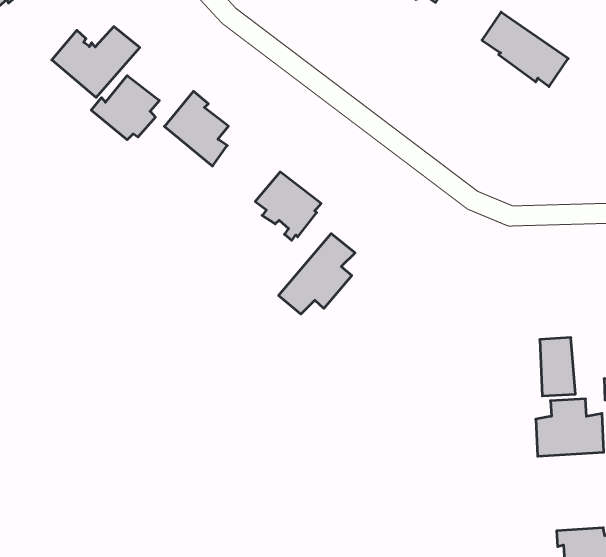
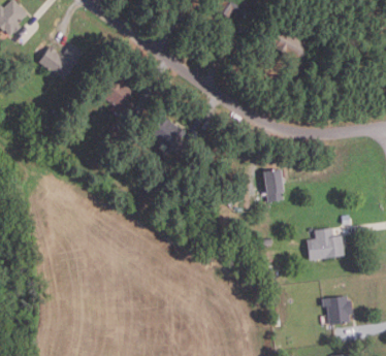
building: [91,76,159,140] -> none
building: [279,234,355,314] -> none
building: [540,338,575,396] -> [263,168,284,200]

